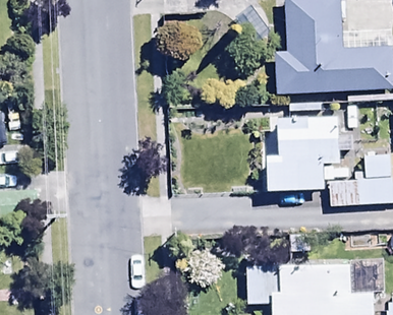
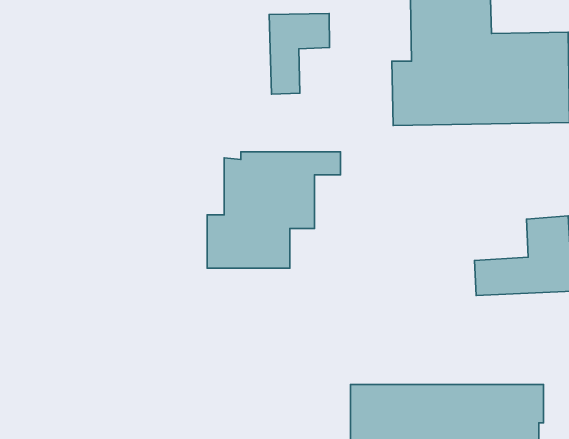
building: none -> [269,13,329,94]
building: [267,113,355,190] -> [207,152,341,268]

